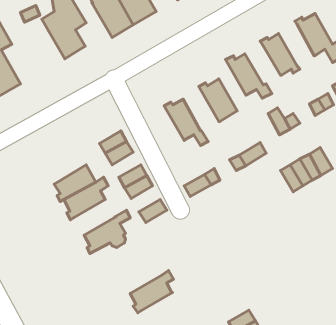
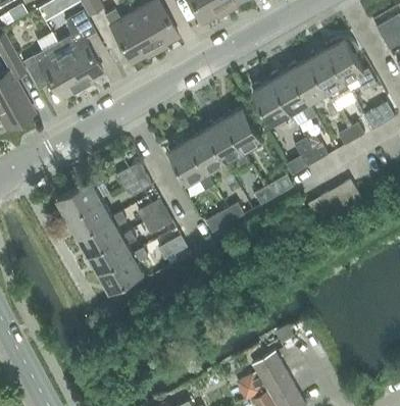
building: none -> [23,45,81,100]
building: none -> [306,50,352,96]
building: none -> [269,71,317,120]
building: none -> [204,119,251,168]
building: none -> [168,140,215,190]
building: none -> [58,176,110,220]
building: [130,270,173,313] -> [90,231,136,275]

